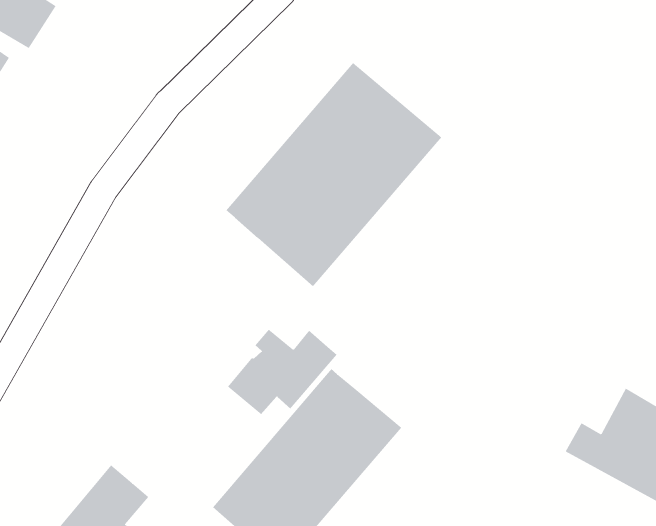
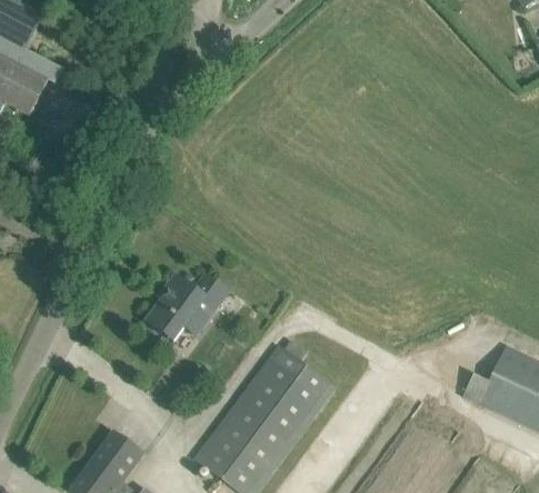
building: [225,62,442,287] -> none
building: [227,329,337,415] -> [146,273,229,341]

